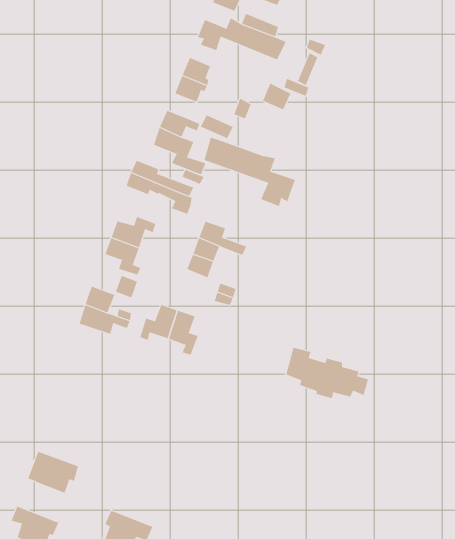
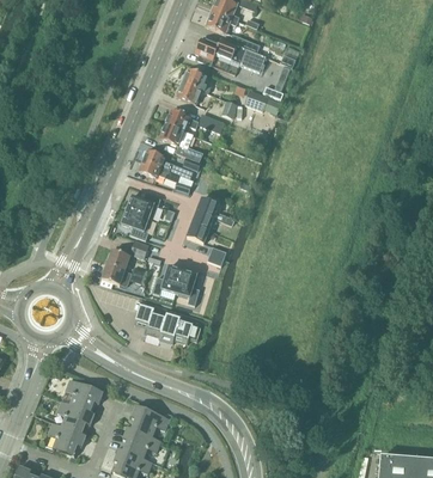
building: [204,137,296,207] -> none
building: [285,347,369,399] -> [135,302,201,343]
building: none -> [56,402,94,435]
building: none -> [130,405,169,436]

